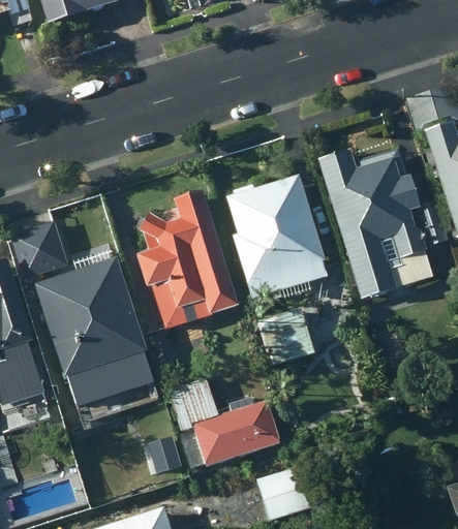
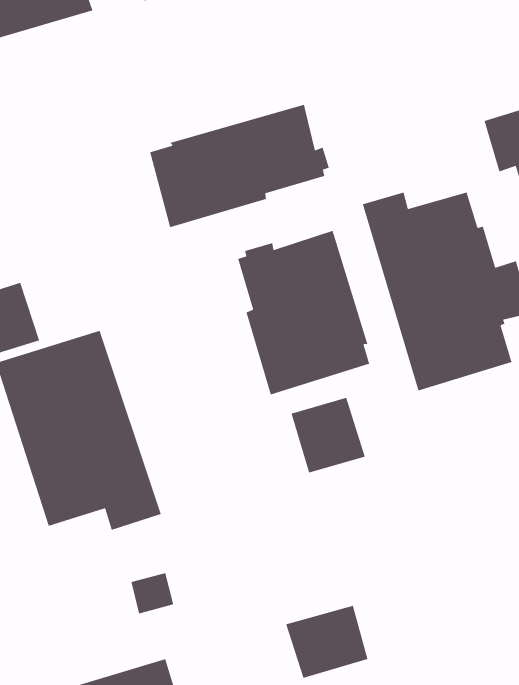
building: none -> [149,104,330,228]
building: [142,188,241,328] -> none
building: [169,376,282,464] -> none

